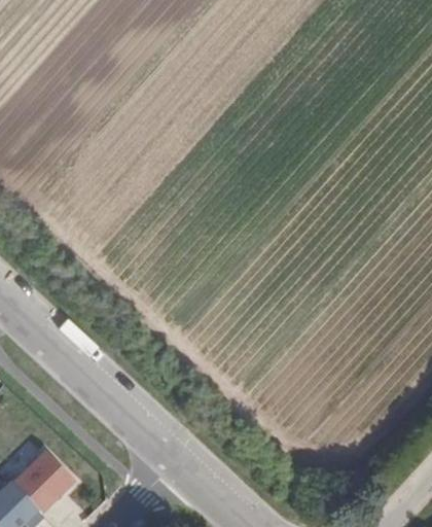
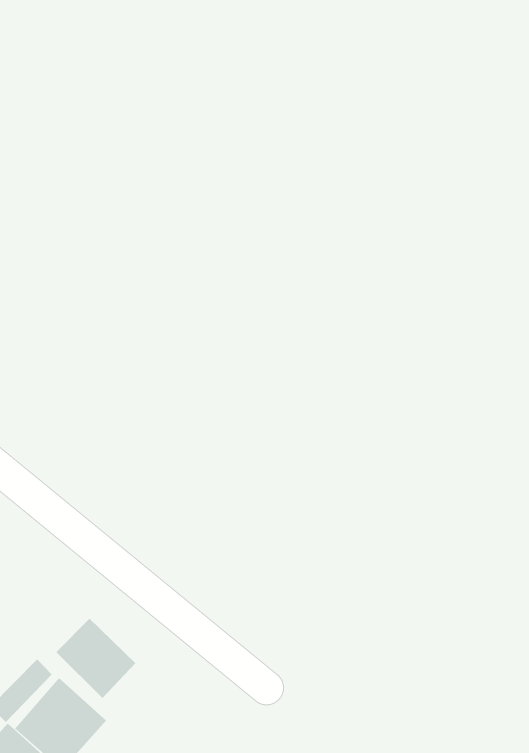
building: none -> [56,618,136,699]

